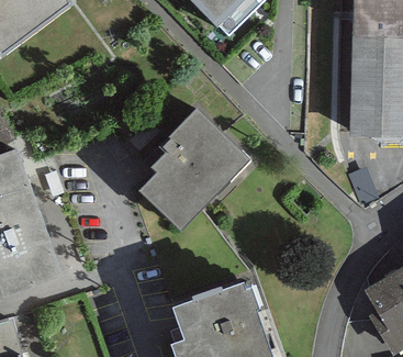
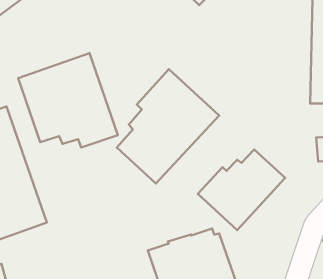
building: none -> [18,53,118,148]
building: none -> [198,149,285,230]

